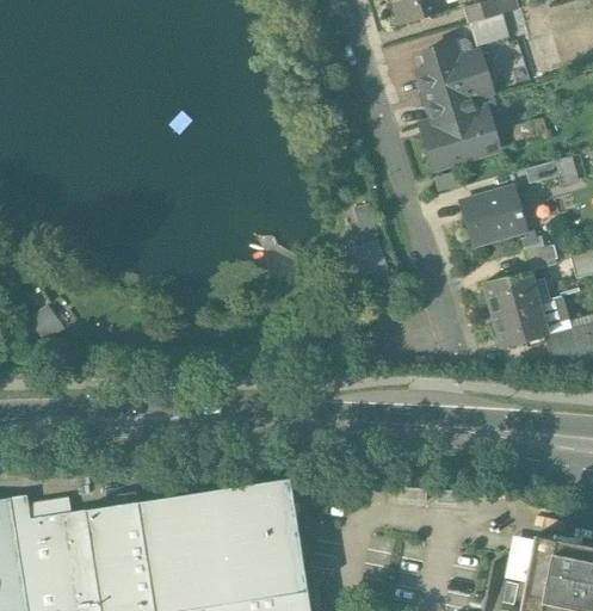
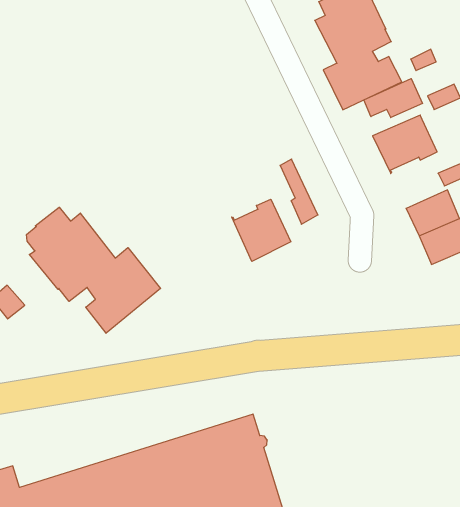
building: none -> [364,79,422,118]
building: none -> [27,207,161,333]
building: none -> [232,199,291,261]

